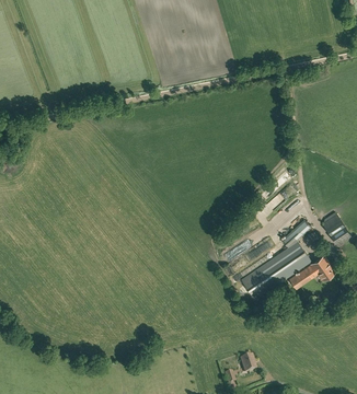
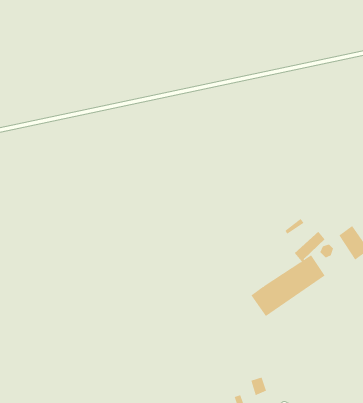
building: [289,255,336,289] -> none

